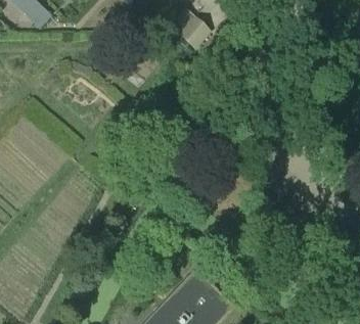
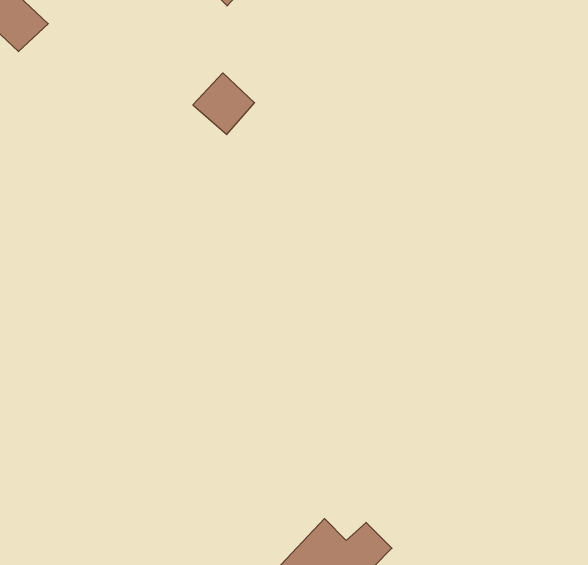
building: [178,14,210,46] -> [193,73,255,135]

